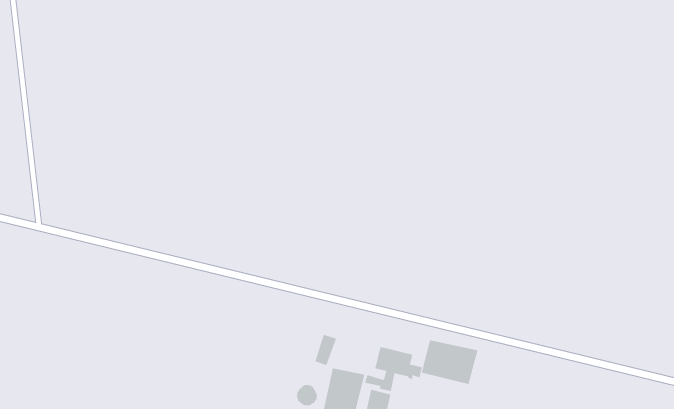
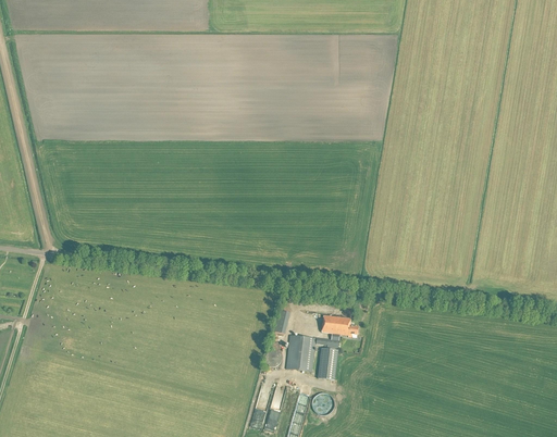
building: [421,340,478,385] -> none

